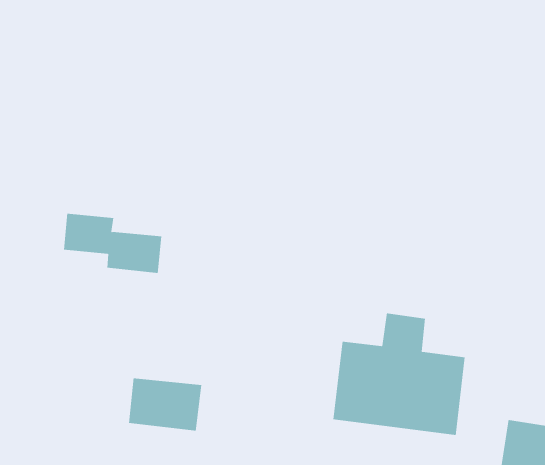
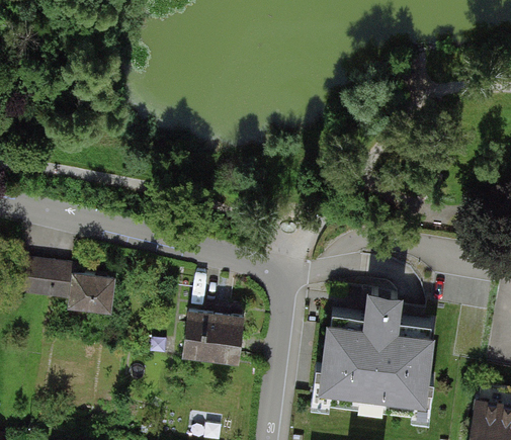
building: [63,213,162,274] -> [28,259,116,313]
building: [128,378,202,431] -> [183,314,249,361]

